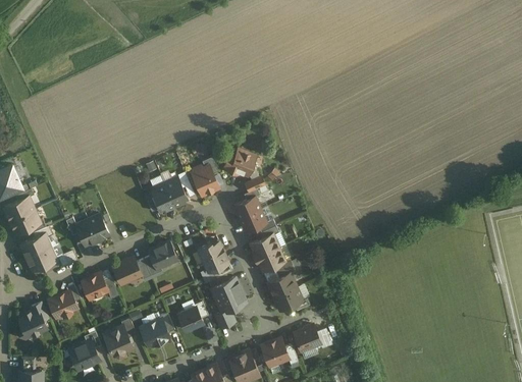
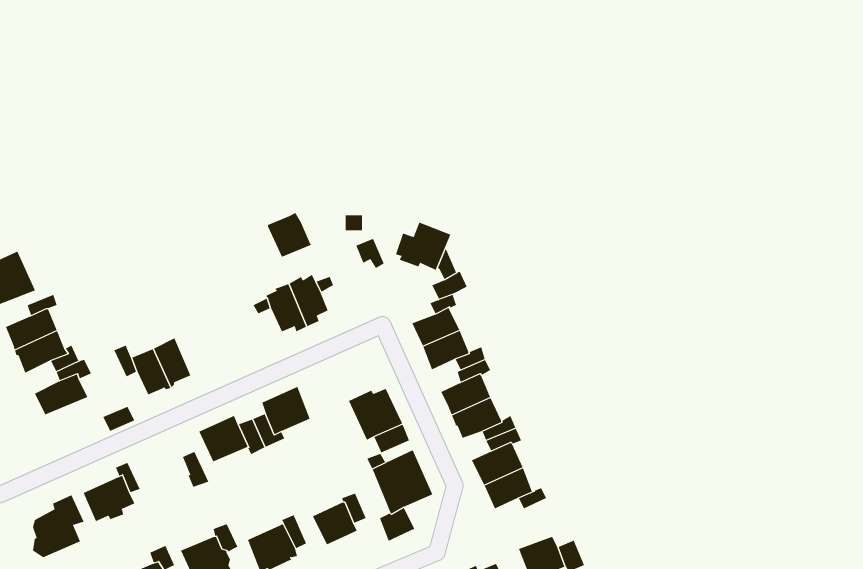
building: [193,170,218,196] -> [267,212,312,257]
building: [25,248,55,271] -> none
building: [81,273,107,297] -> none

